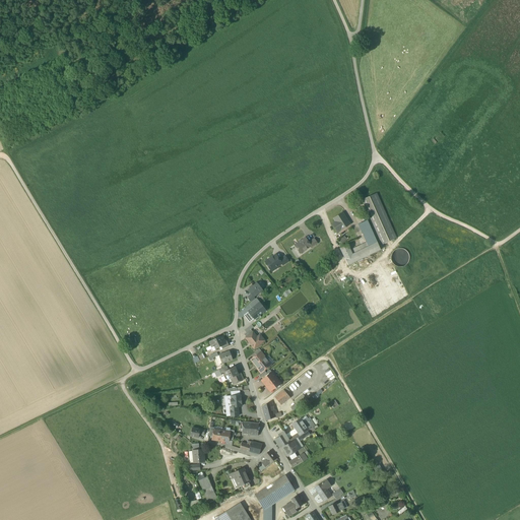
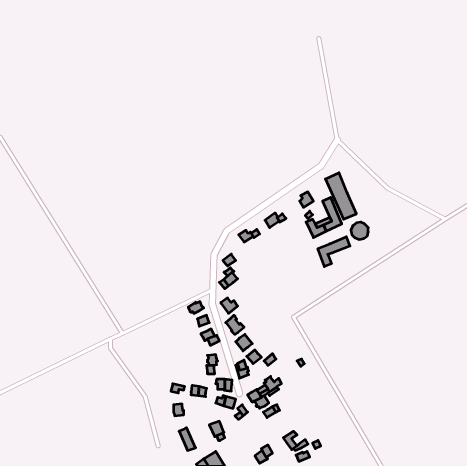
building: none -> [318,237,350,267]
building: [255,474,295,508] -> none

